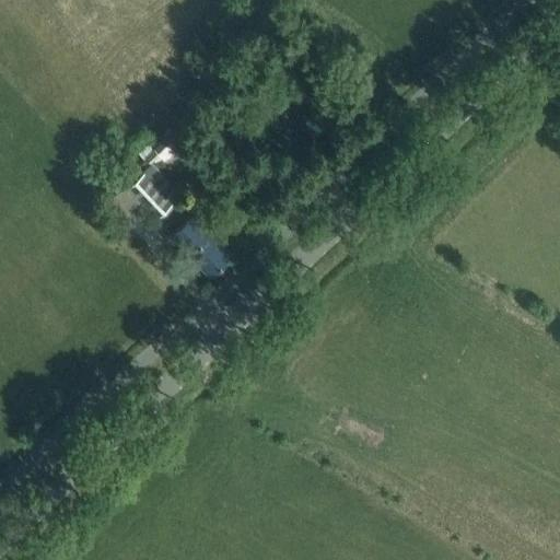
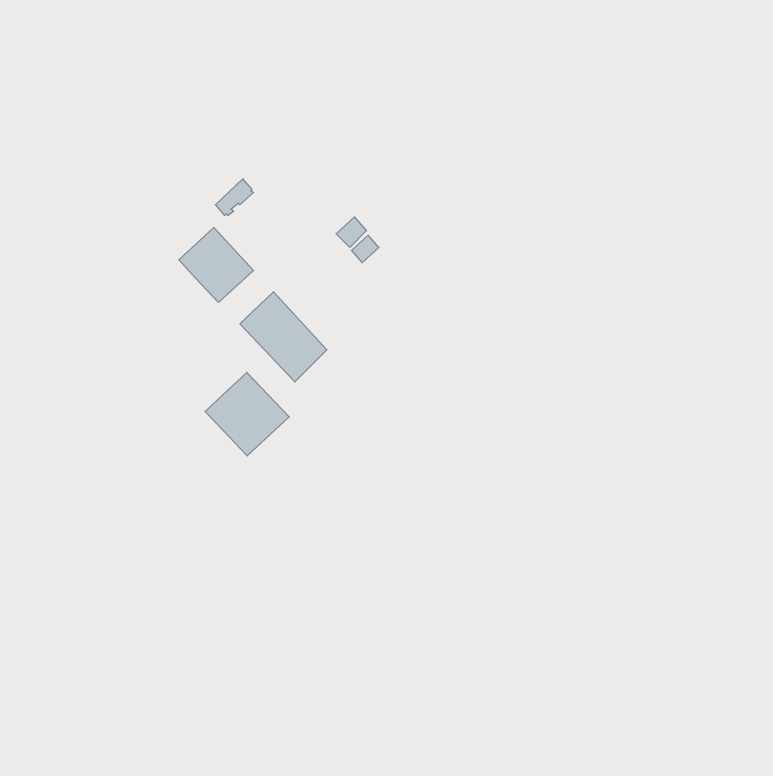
building: none -> [205,372,289,456]

